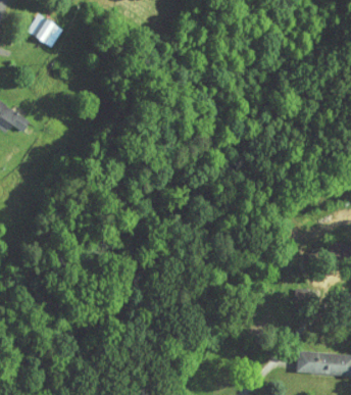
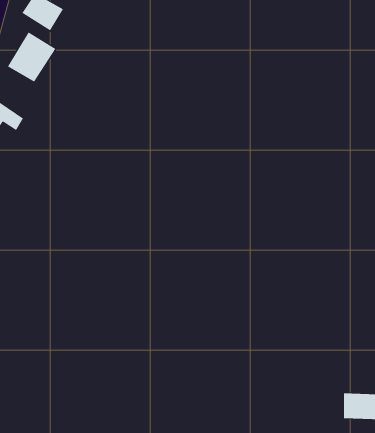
building: none -> [7,31,56,83]

